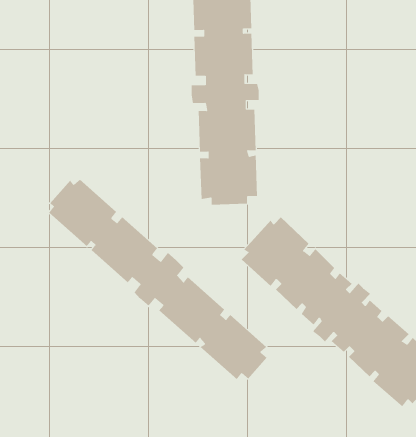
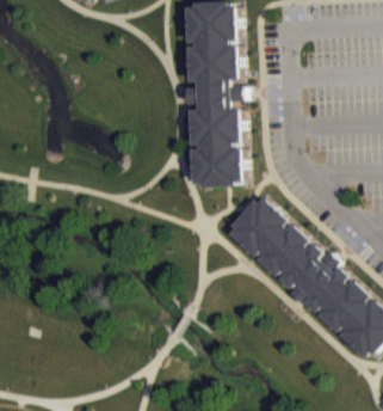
building: [48,179,268,380] -> none

